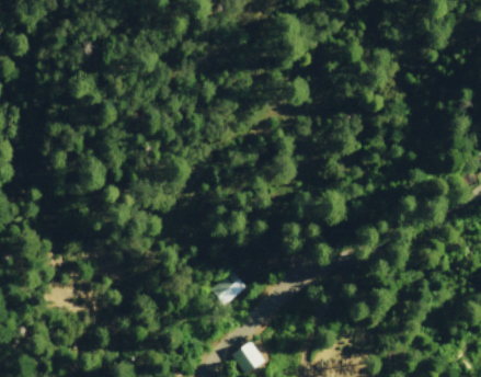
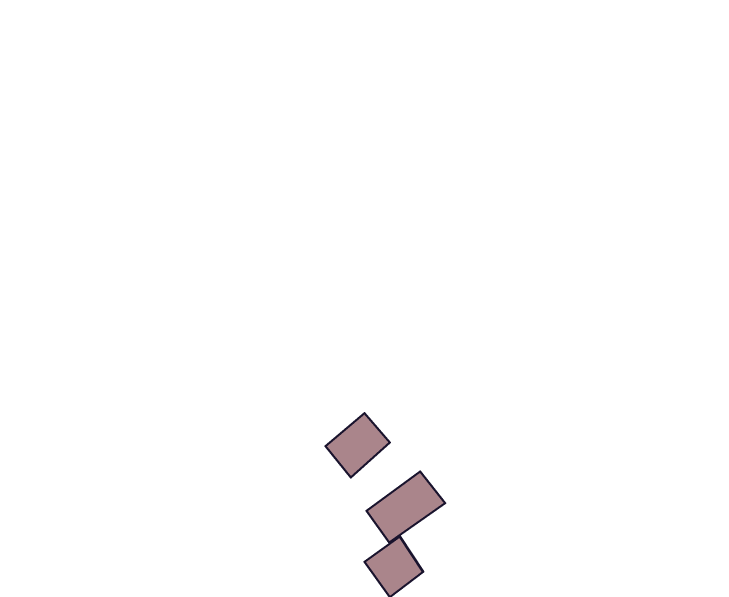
building: none -> [367,472,445,542]

